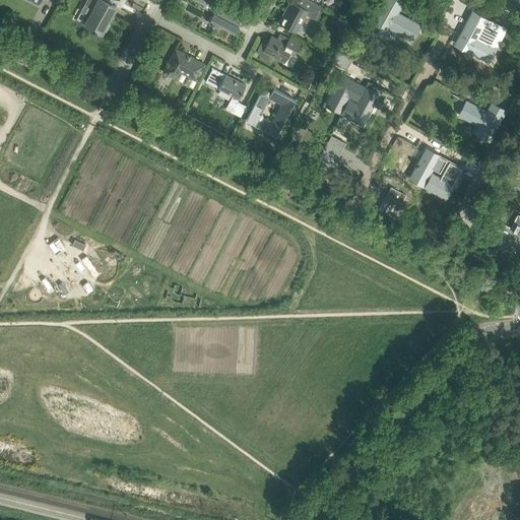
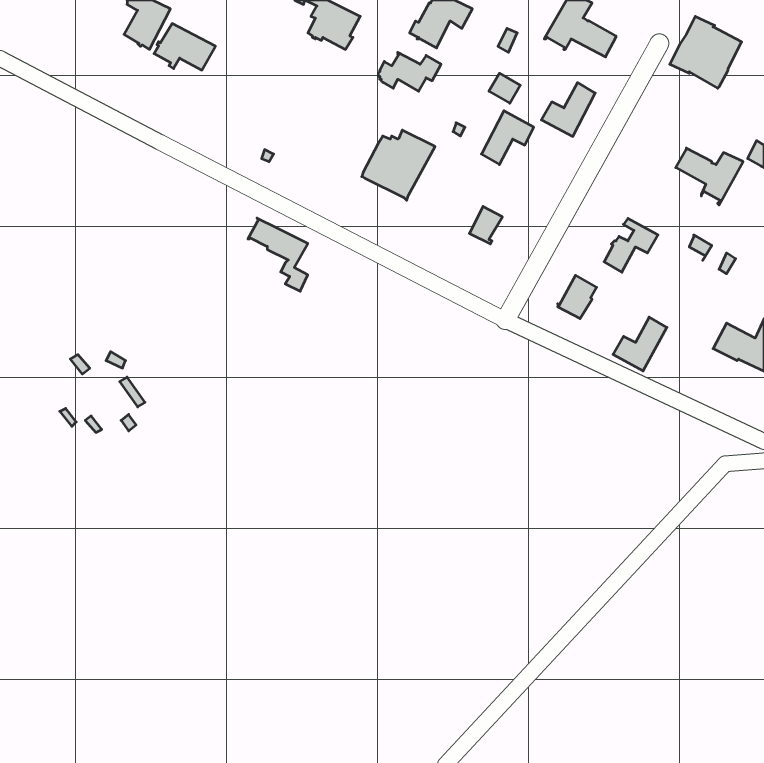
building: [164,50,205,81] -> [154,24,215,70]
building: [205,68,246,118] -> [248,218,308,291]
building: [341,88,378,125] -> [541,83,595,136]
building: [425,161,461,198] -> [613,317,667,371]

